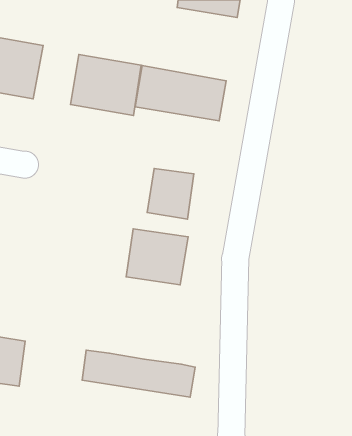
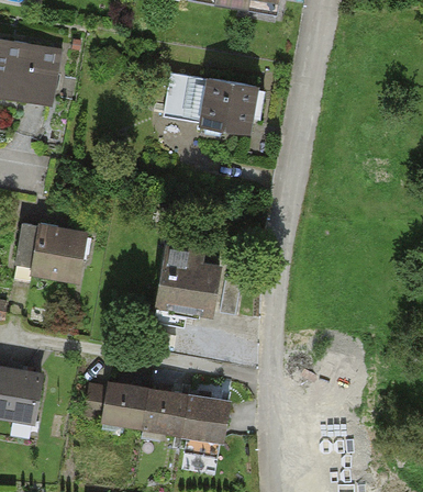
building: [70,55,141,115] -> none
building: [147,169,194,219] -> none
building: none -> [25,220,90,284]

